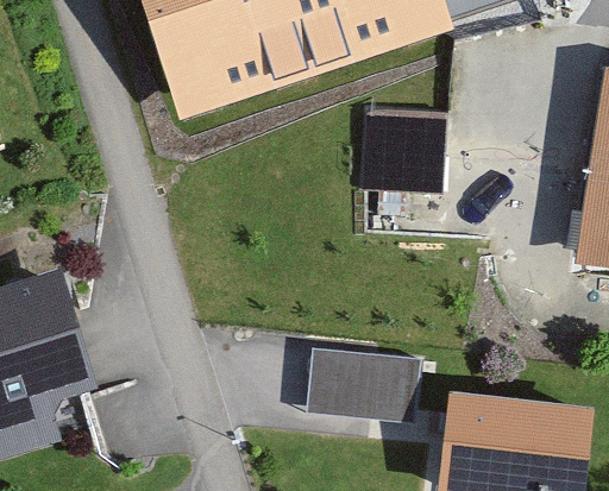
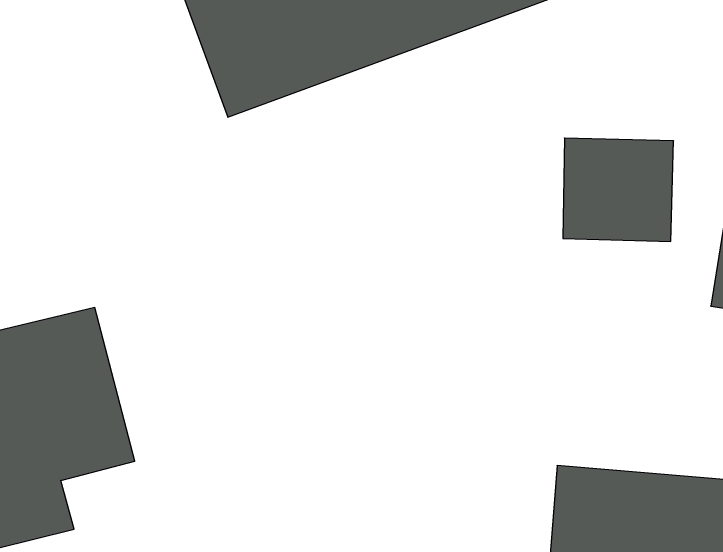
building: [352,111,441,194] -> [563,138,674,241]
building: [307,351,422,424] -> none

